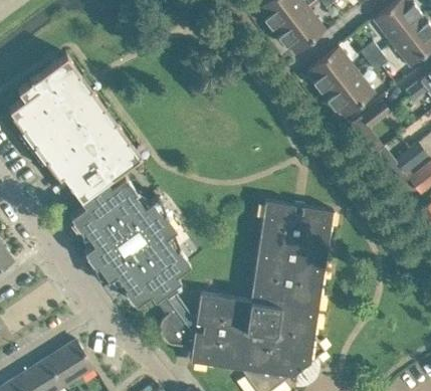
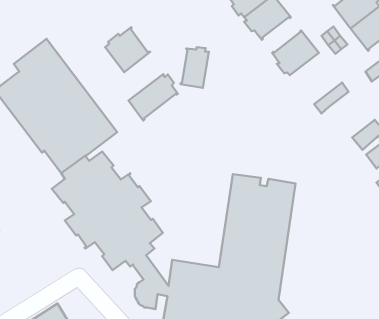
building: none -> [105,27,150,72]
building: none -> [180,47,209,88]
building: [326,70,375,120] -> none
building: none -> [128,74,178,120]

